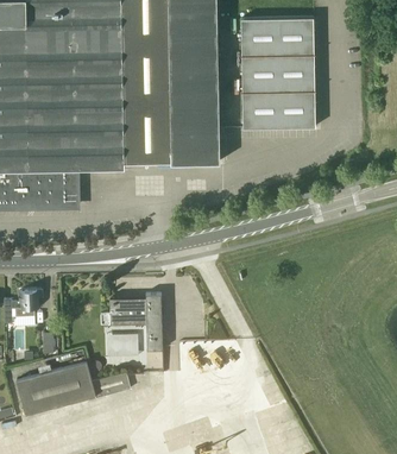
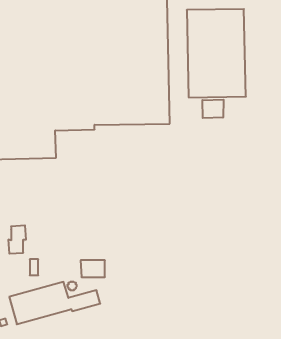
building: none -> [202,100,224,118]
building: [109,294,163,351] -> none

